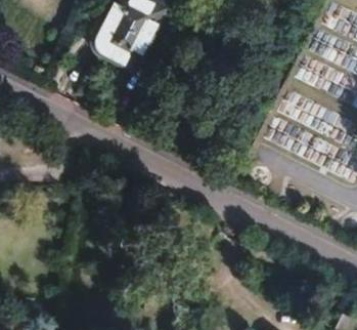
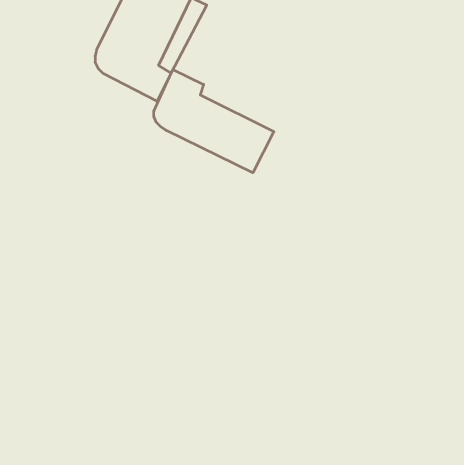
building: none -> [154,70,274,173]

